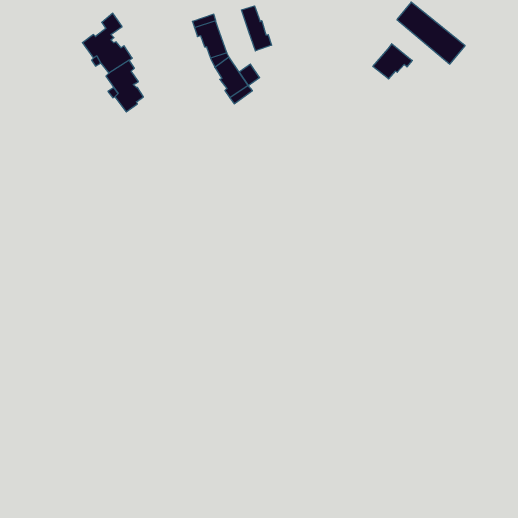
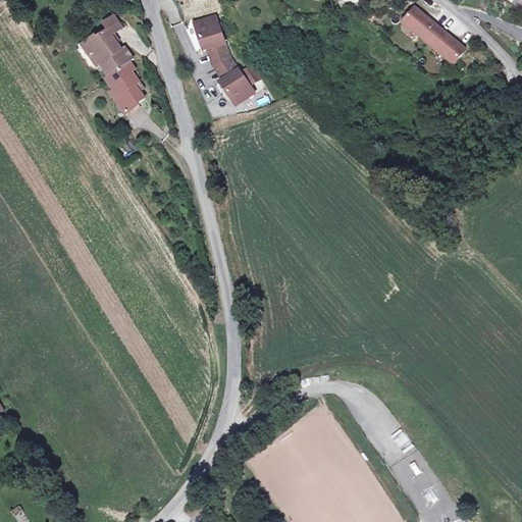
building: [241,6,272,51] -> none
building: [373,44,412,79] -> none

